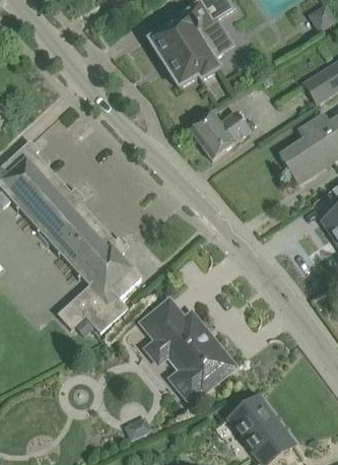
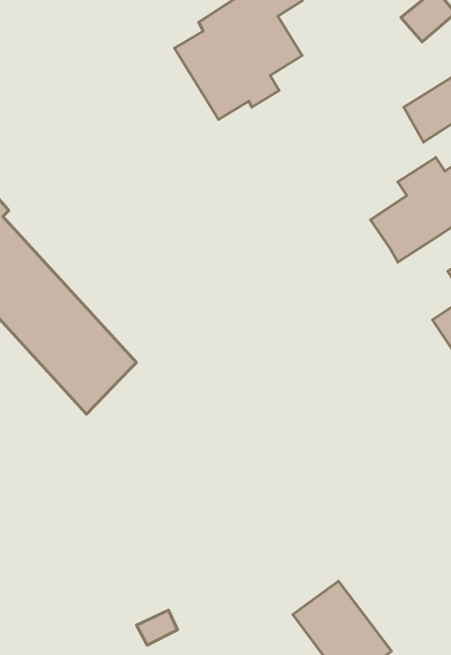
building: [190,111,251,159] -> none
building: [58,254,141,332] -> none
building: [141,300,235,404] -> none

